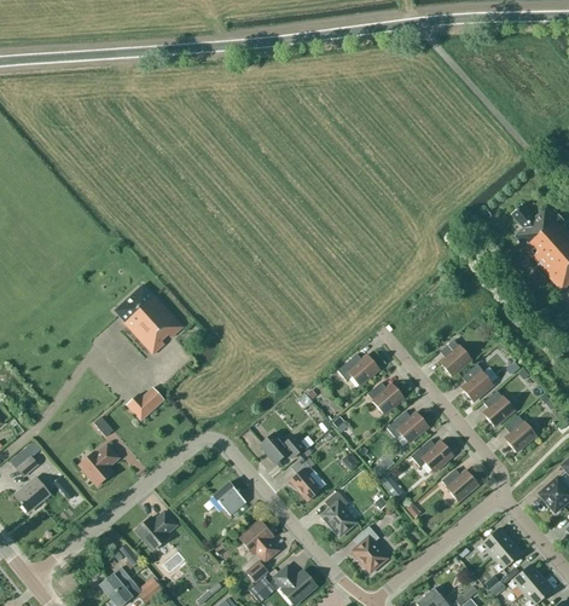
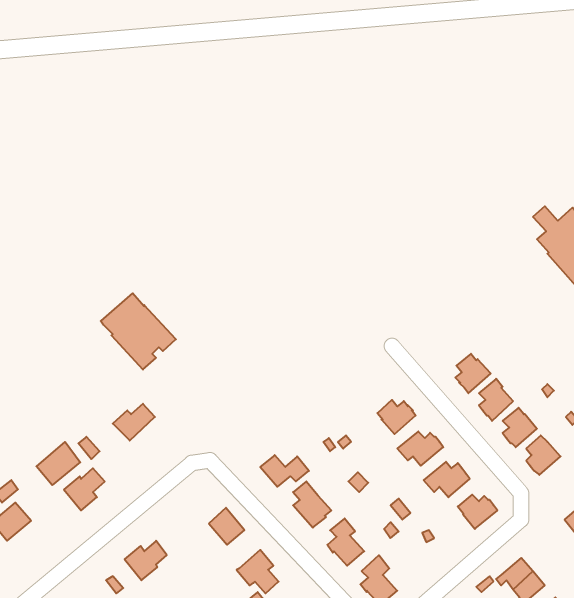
building: [338,353,379,386] -> none
building: none -> [36,442,80,485]

